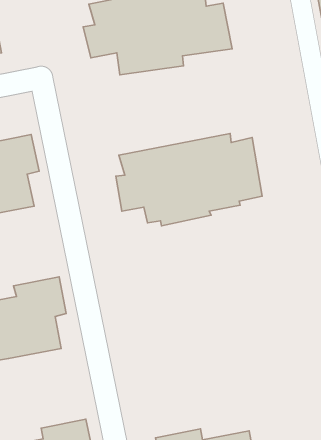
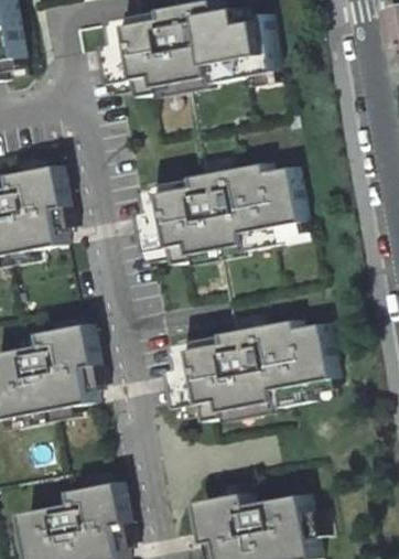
building: none -> [184,318,346,419]

